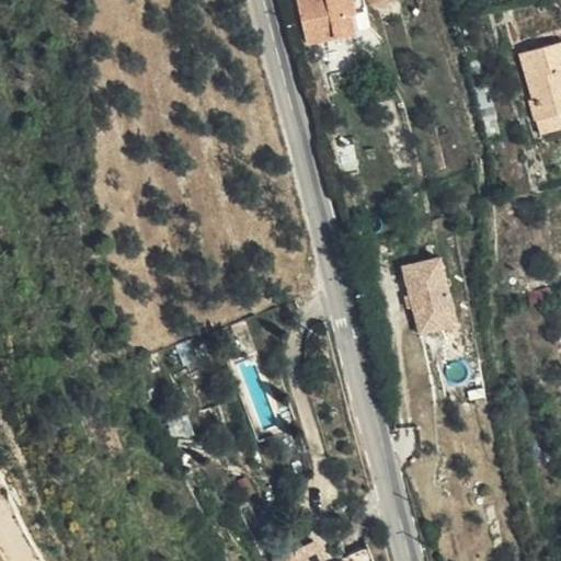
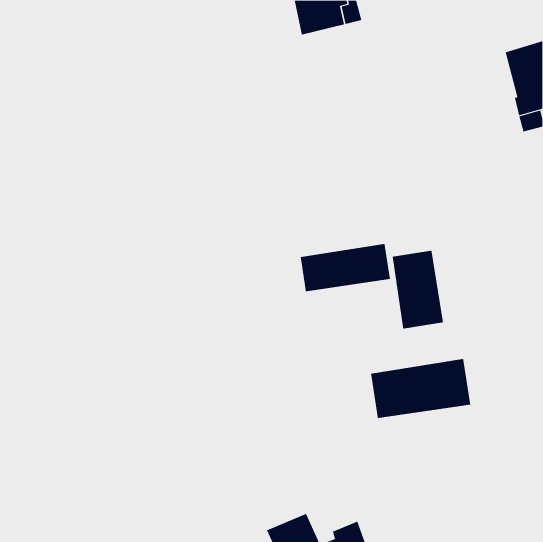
building: none -> [300,243,390,292]
building: none -> [371,358,471,419]

